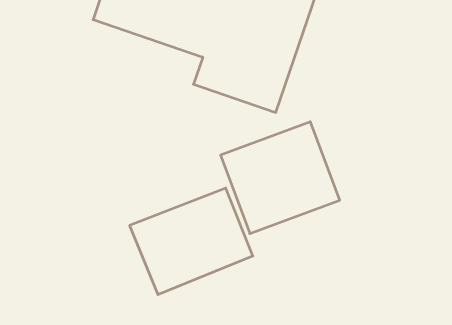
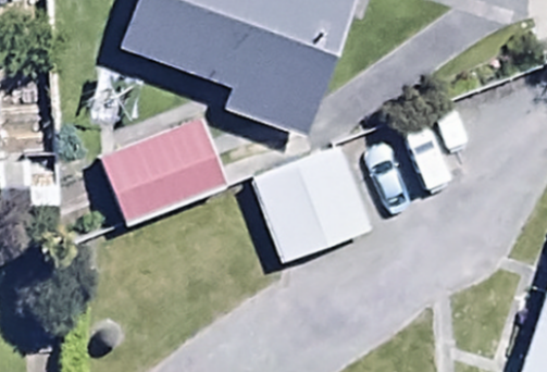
building: [130,188,253,295] -> [99,116,227,227]

